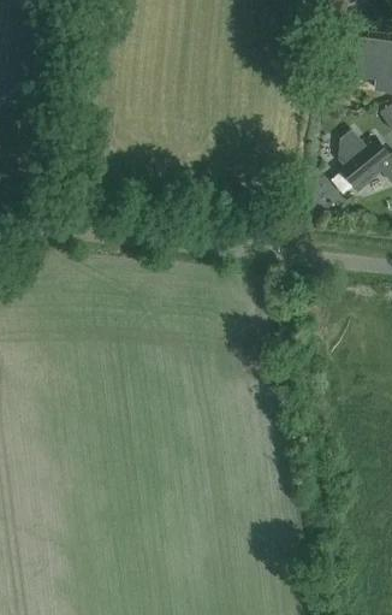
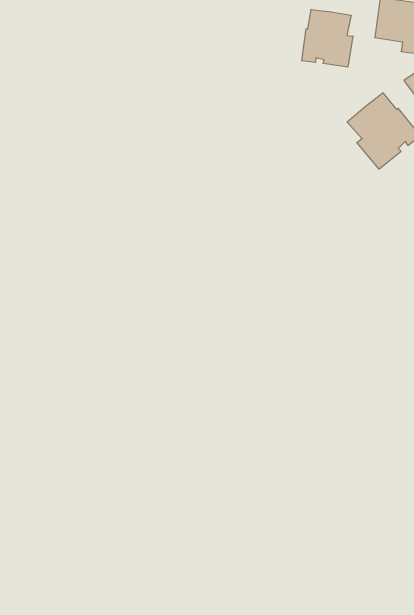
building: none -> [302,9,353,67]

